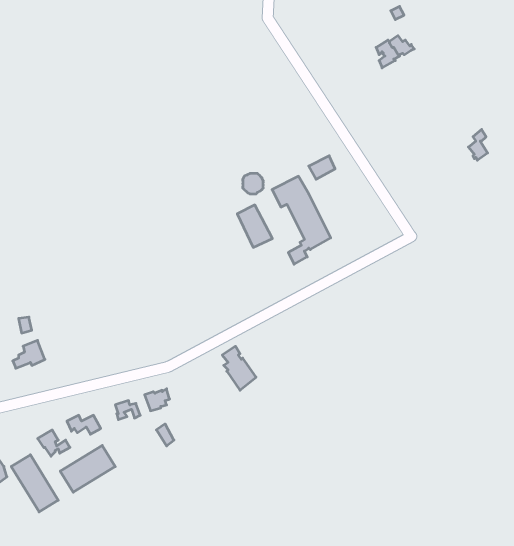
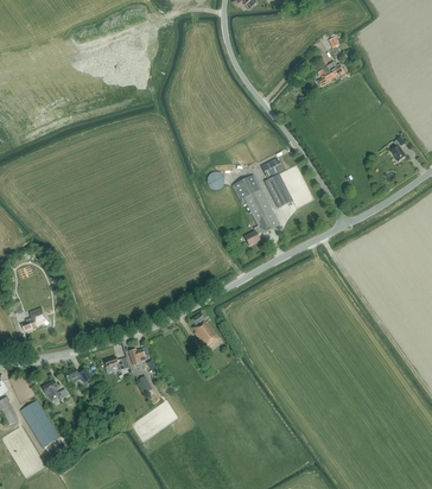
building: [237,205,272,247] -> [265,173,293,208]
building: [60,445,115,492] -> none

